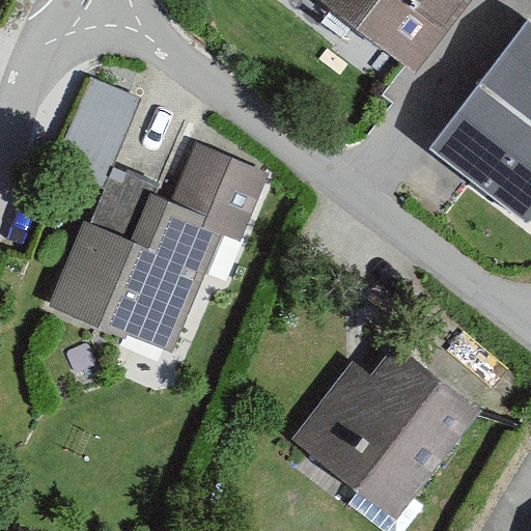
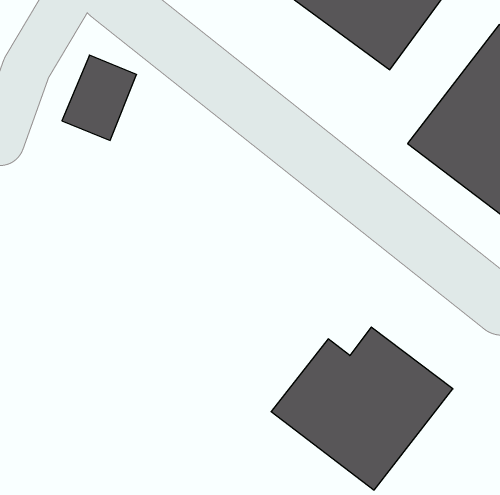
building: [50,146,264,350] -> none

